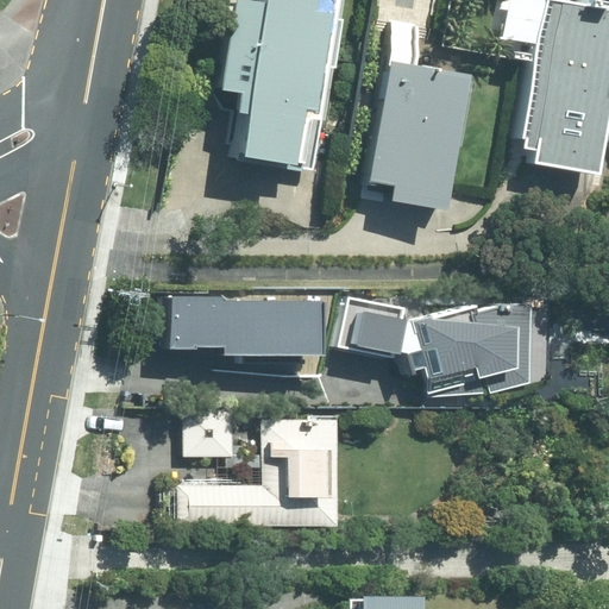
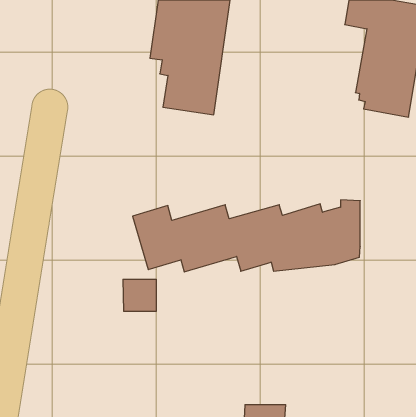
building: [372,58,466,208] -> none
building: [180,416,335,522] -> none

